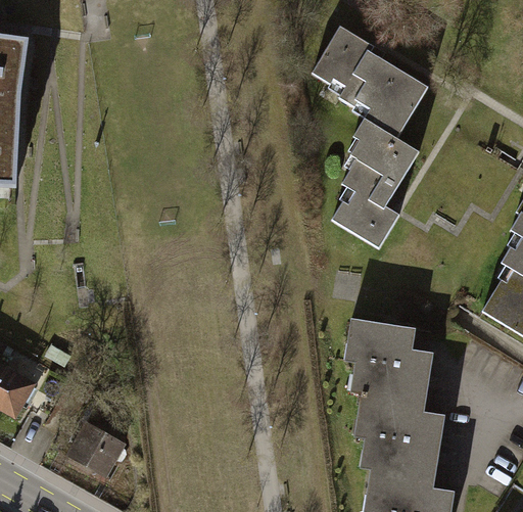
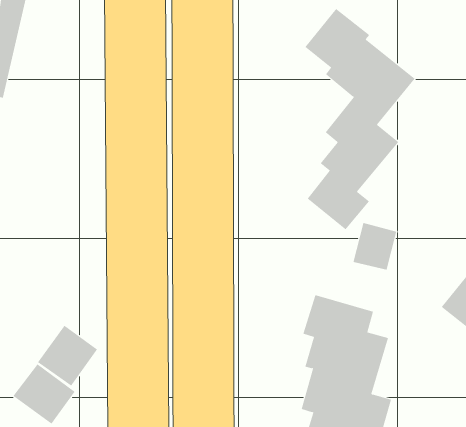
building: none -> [353,222,397,271]
building: none -> [37,325,98,386]

